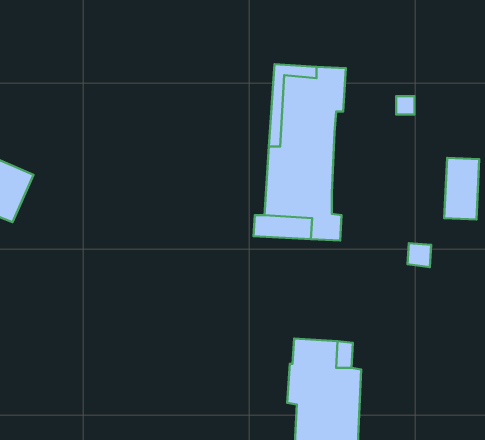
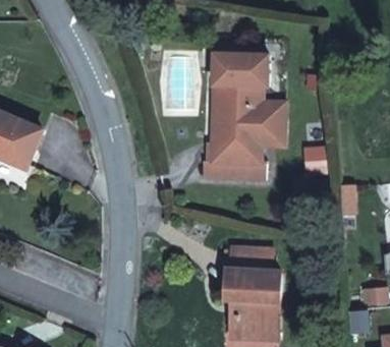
building: [444,158,479,220] -> [258,101,283,146]

